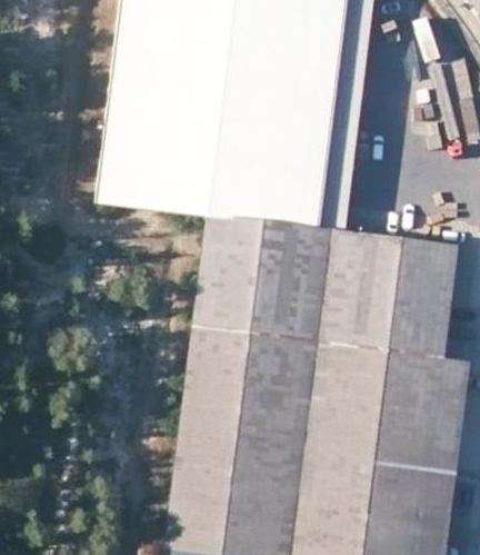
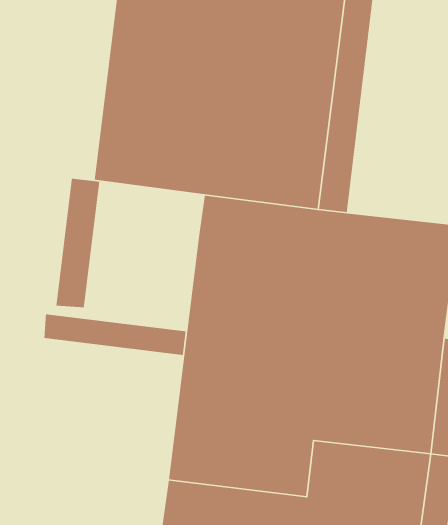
building: none -> [55,178,100,308]
building: none -> [44,313,186,356]

